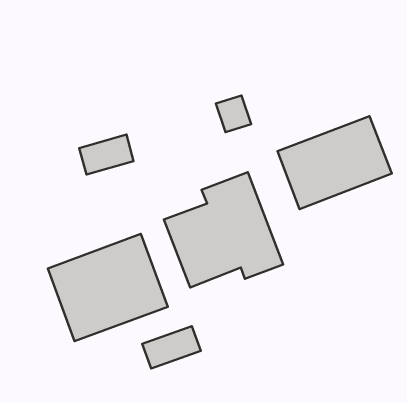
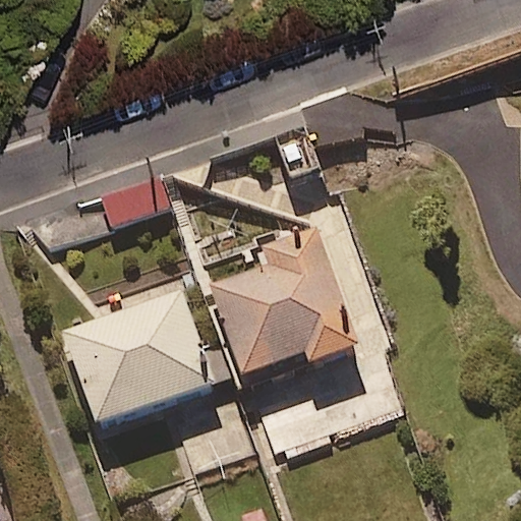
building: [278,116,392,209] -> none

